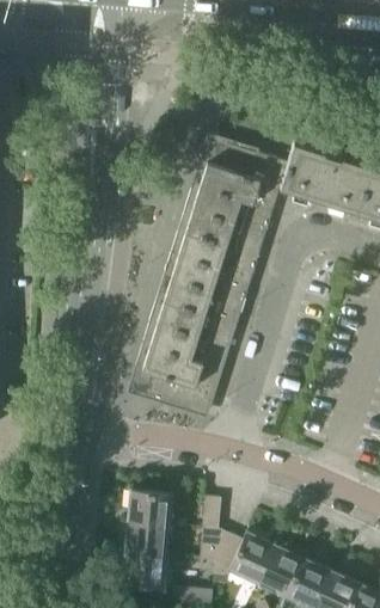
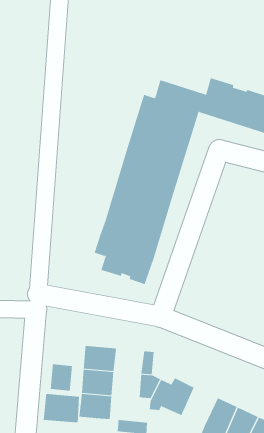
building: none -> [50,363,73,392]
building: [255,547,301,597] -> none
building: none -> [43,393,80,423]

